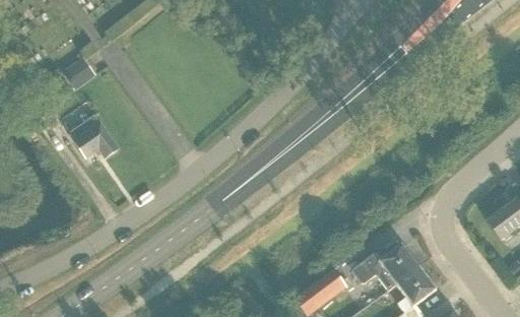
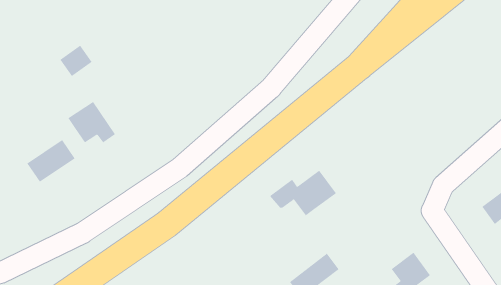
building: none -> [26,139,75,183]
building: [351,244,419,291] -> [269,170,337,216]

